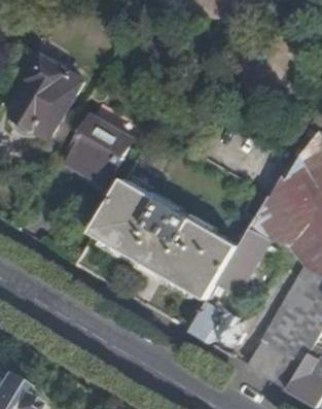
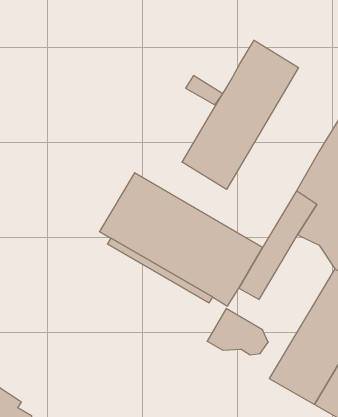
building: [13,57,81,136] -> none
building: none -> [182,40,298,189]
building: [65,114,131,183] -> none

